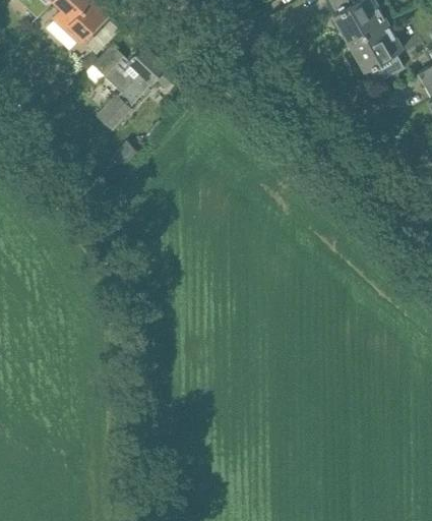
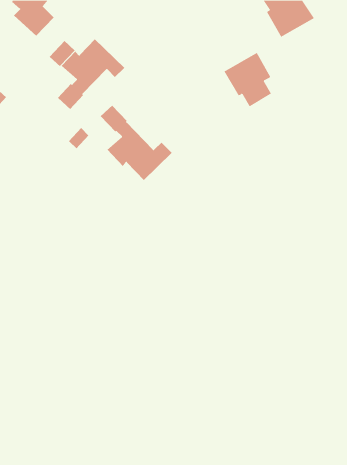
building: [350,21,404,82] -> [223,52,272,107]
building: none -> [100,105,173,181]

